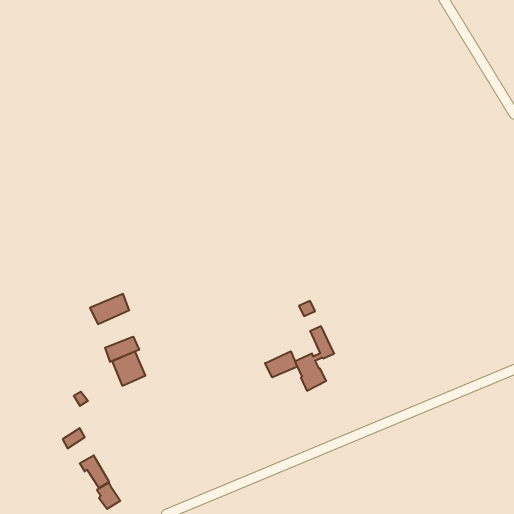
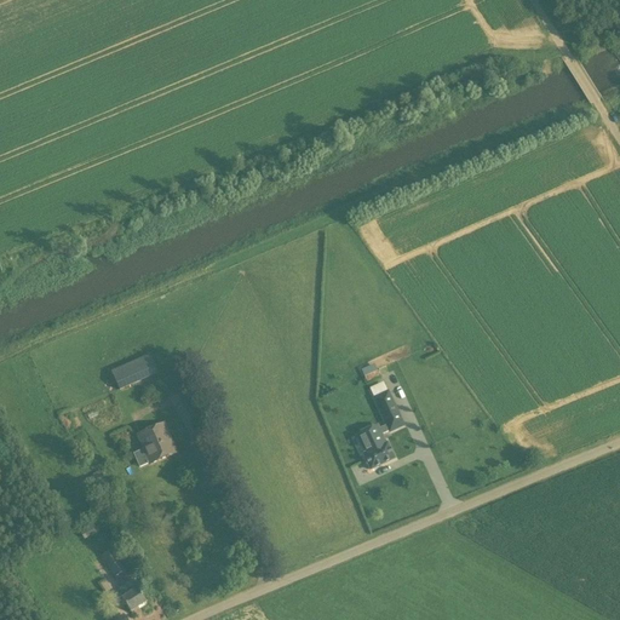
building: [105,337,139,362] -> none
building: [265,351,297,377] -> none

